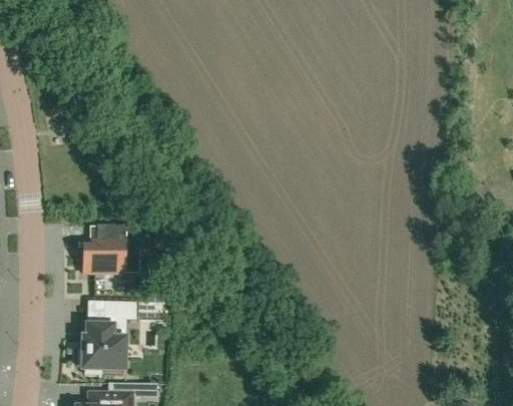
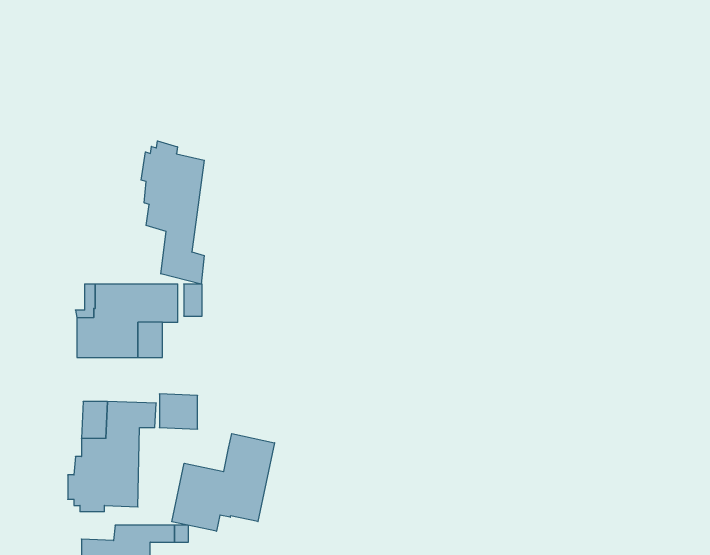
building: none -> [141,141,204,284]
building: none -> [172,434,275,531]

